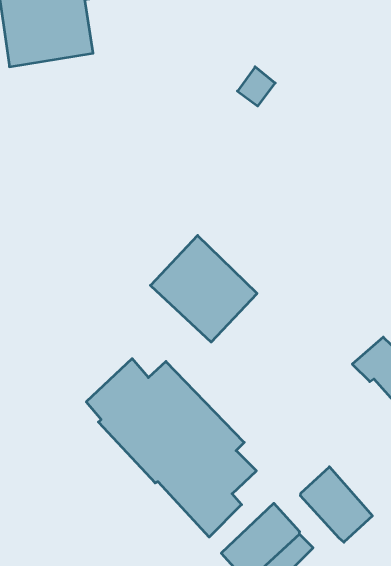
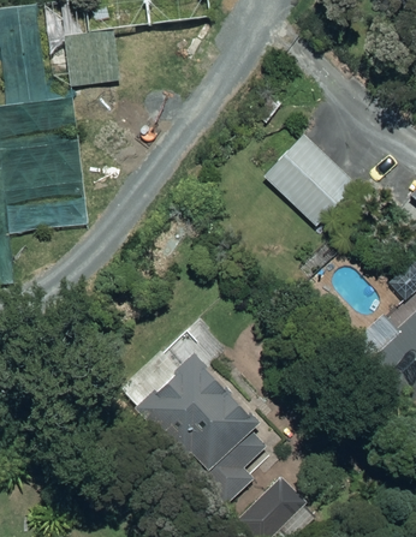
building: [150,235,257,342] -> [265,130,359,225]
building: [300,467,372,542] -> none

